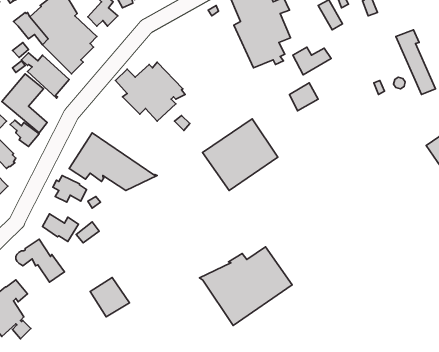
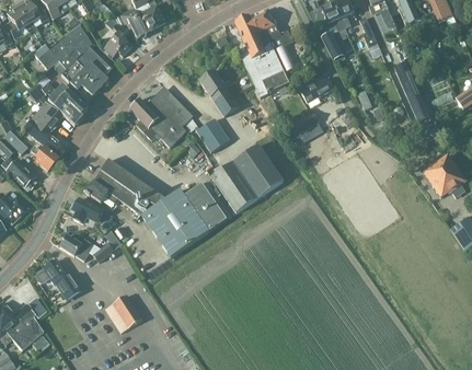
building: none -> [199,70,239,116]
building: none -> [186,118,229,152]
building: [199,247,292,325] -> [139,183,227,257]

